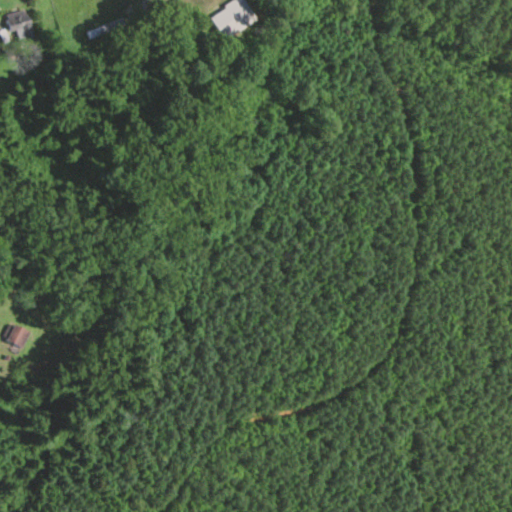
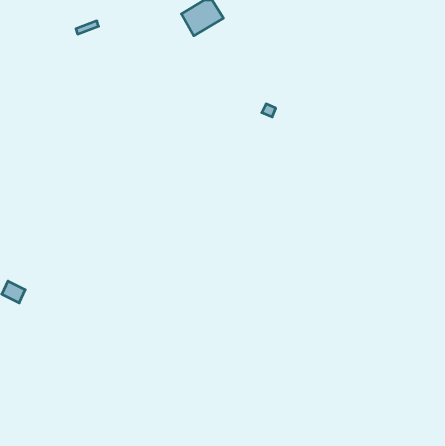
building: [6,9,36,45] -> none

